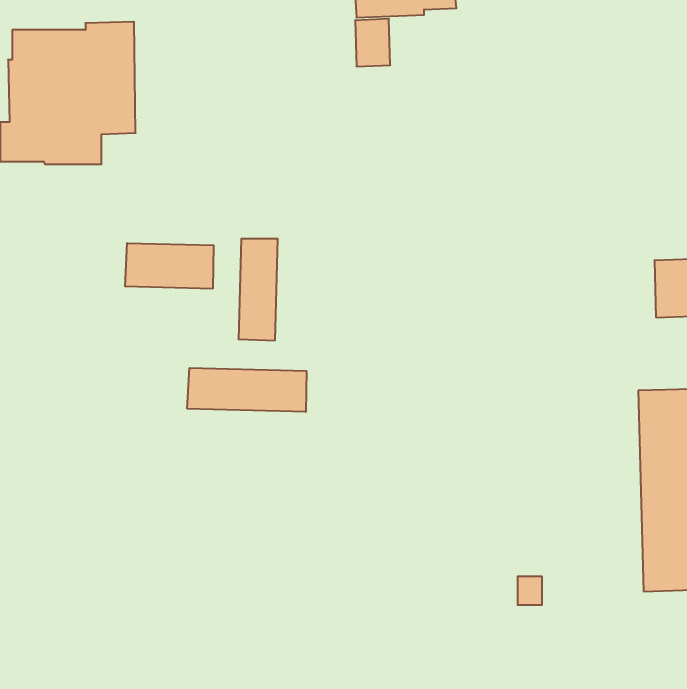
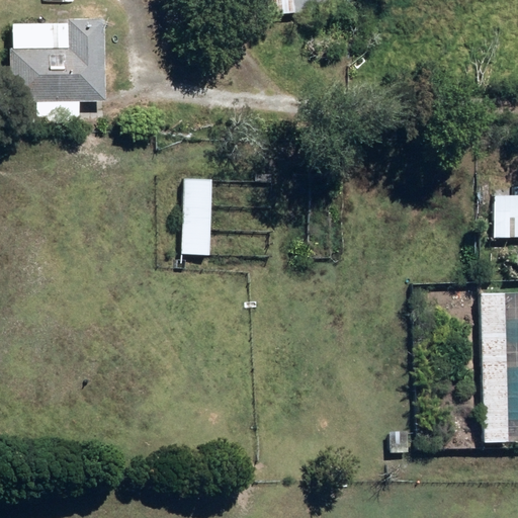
building: [125,243,214,289] -> none
building: [187,368,306,412] -> none

